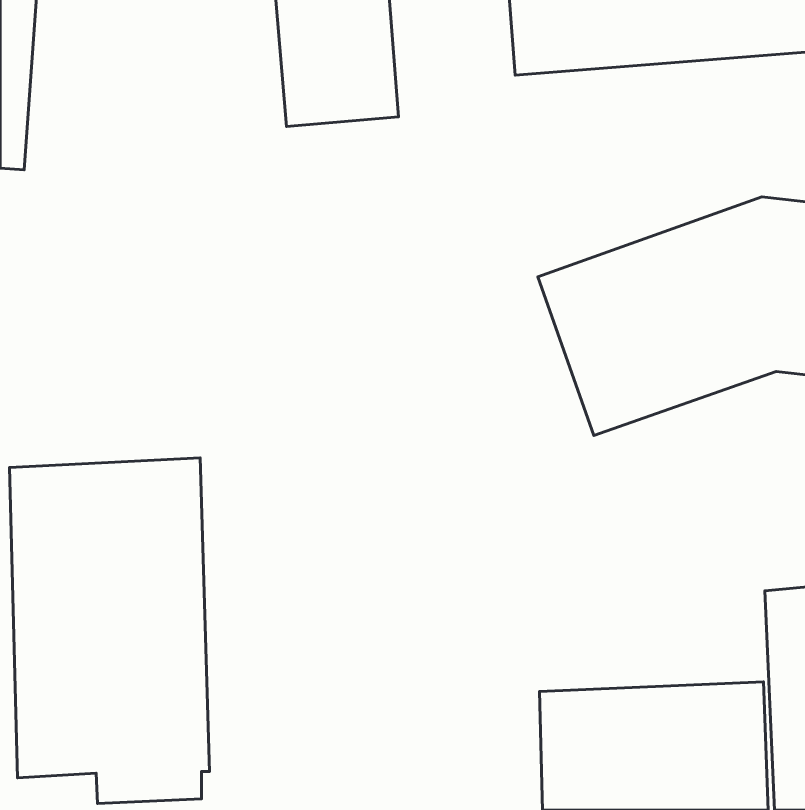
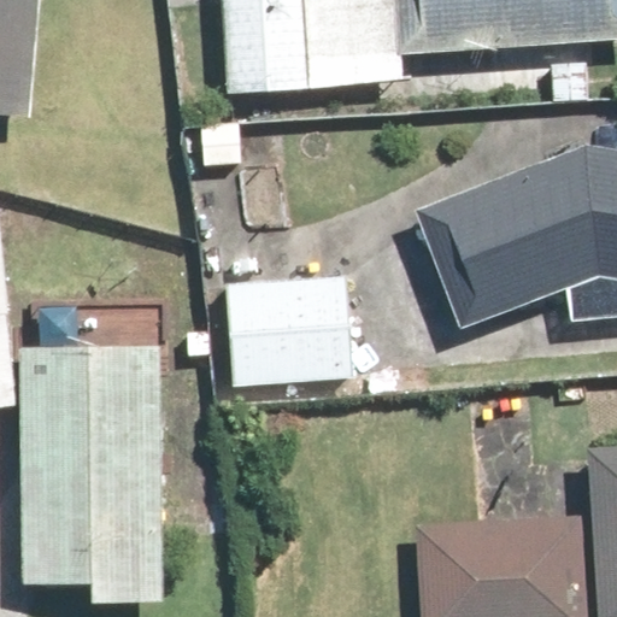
building: none -> [224,271,358,388]

